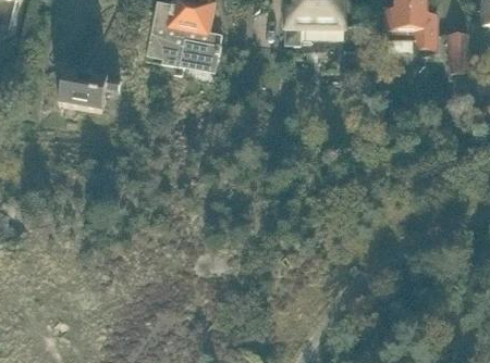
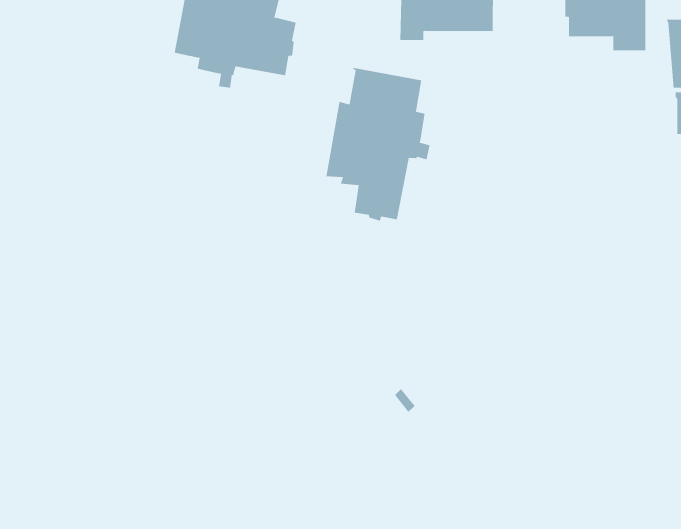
building: none -> [326,67,430,221]
building: [57,68,119,110] -> none

